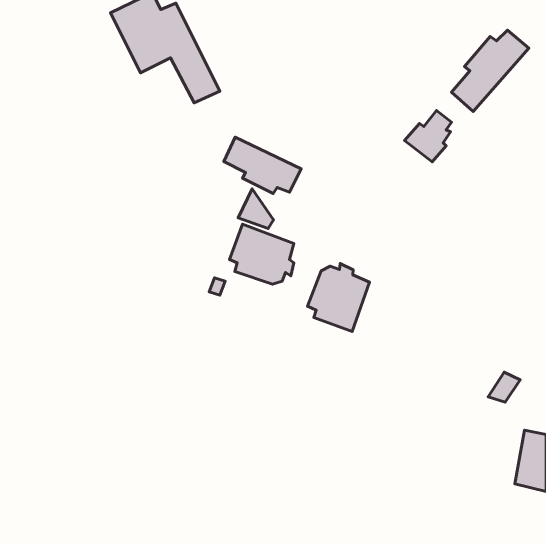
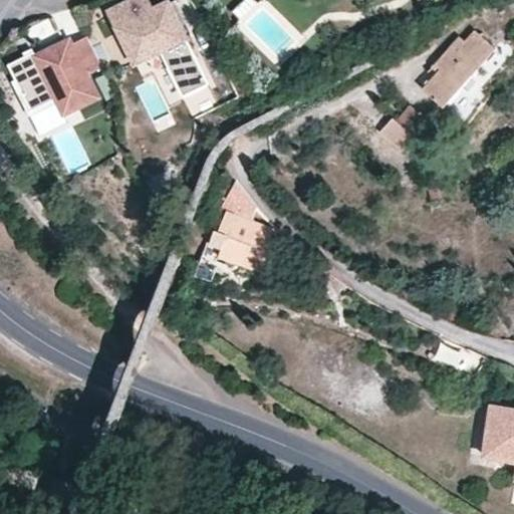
building: none -> [9,39,102,119]
building: [224,137,301,193] -> none
building: [307,264,369,331] -> none

